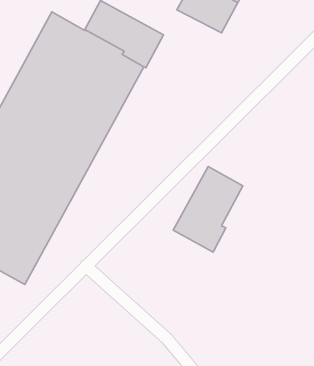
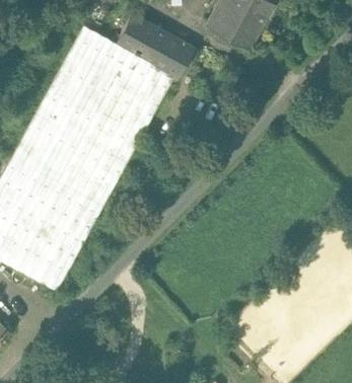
building: [173,167,243,252] -> none

